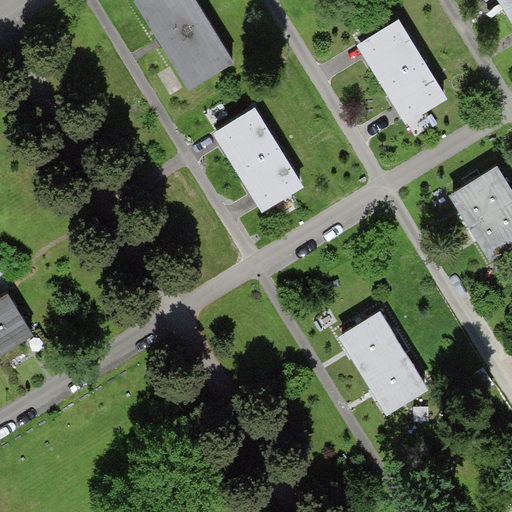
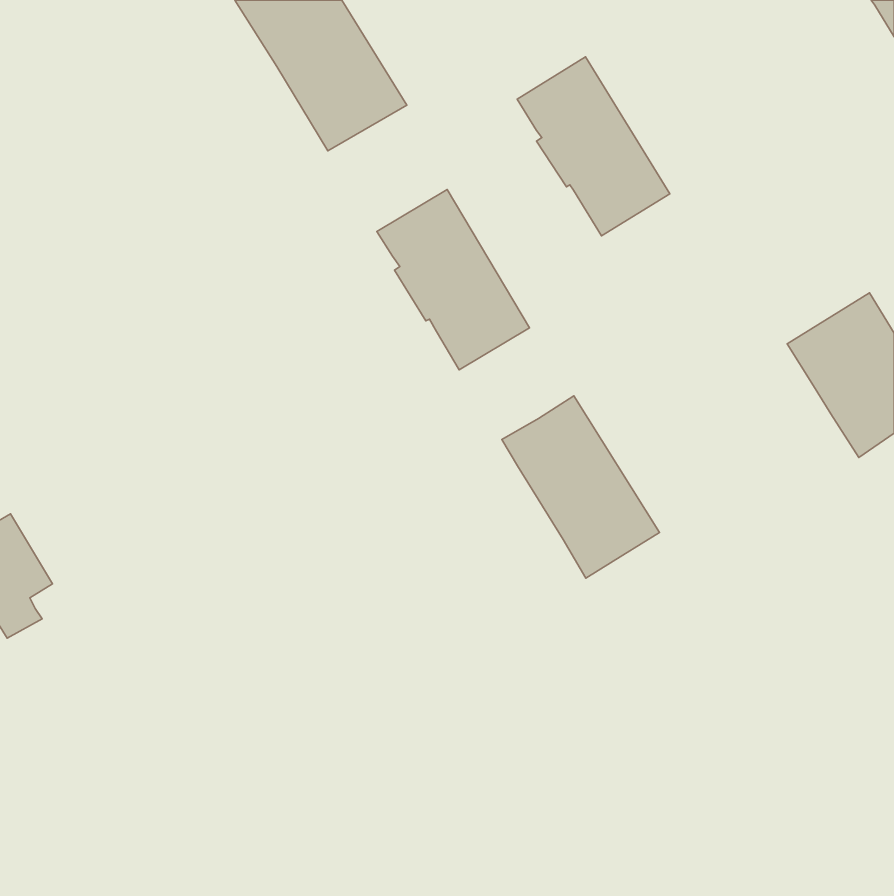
building: [359,20,446,122] -> [517,57,670,236]
building: [338,311,428,415] -> [502,396,660,578]

